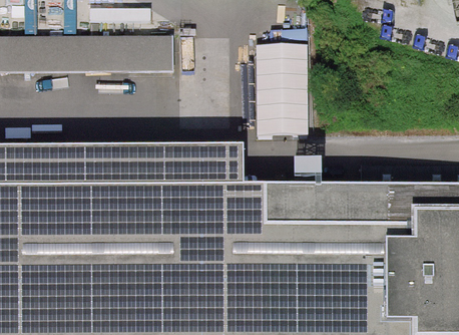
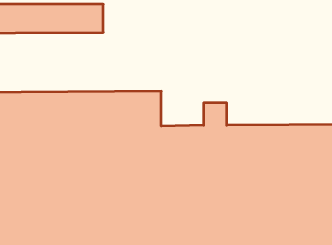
building: [257,43,309,134] -> none

